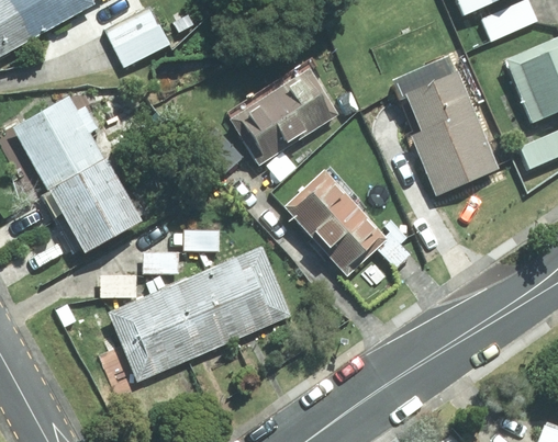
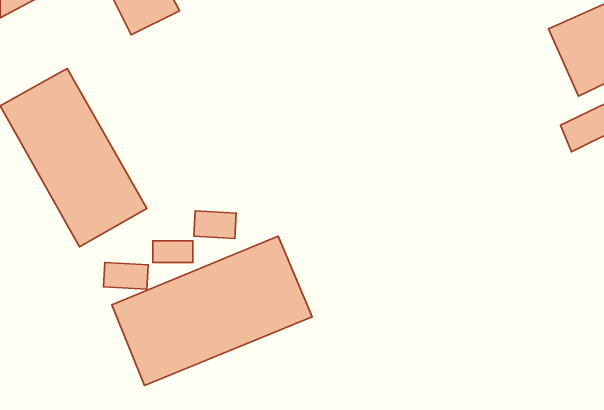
building: [232,68,339,167] -> none
building: [398,70,498,195] -> none
building: [281,168,409,263] -> none

